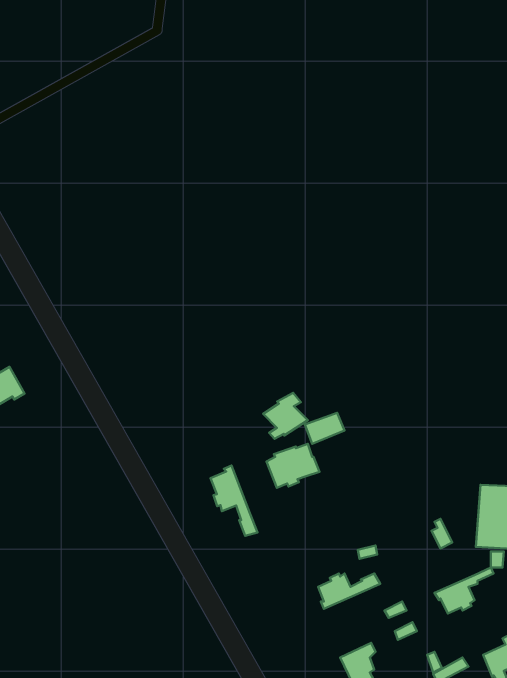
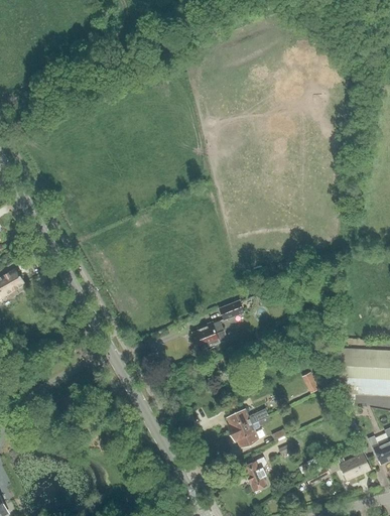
building: [263,393,308,439] -> none
building: [211,466,257,536] -> none
building: [435,568,494,613] -> [232,416,272,447]

